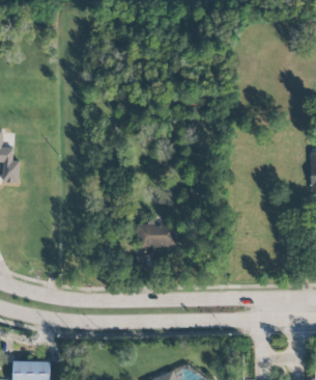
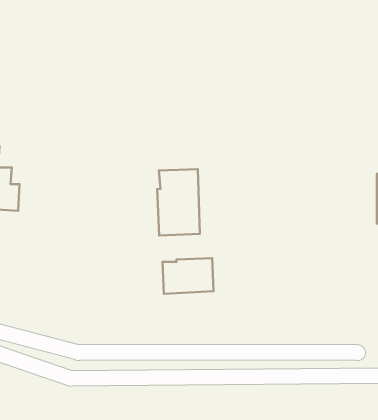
building: none -> [157,169,200,235]

